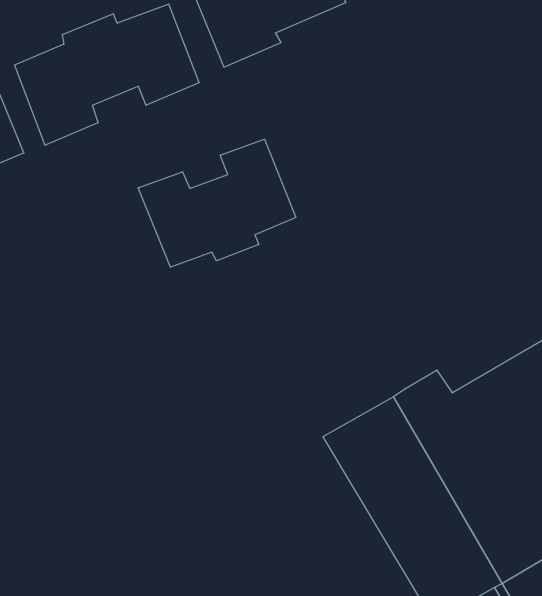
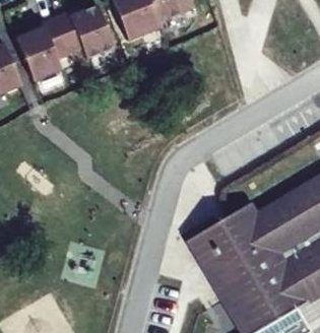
building: [138,139,296,267] -> none

